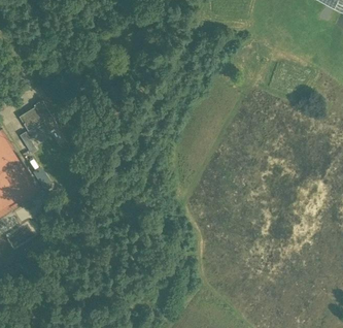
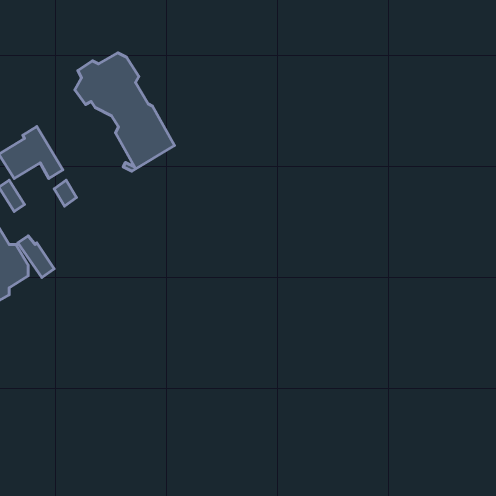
building: none -> [75,53,174,171]

